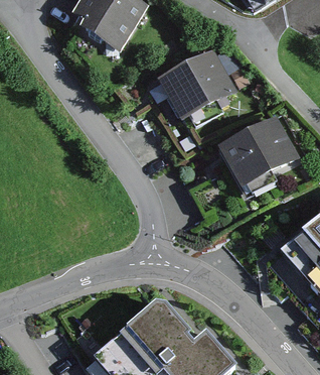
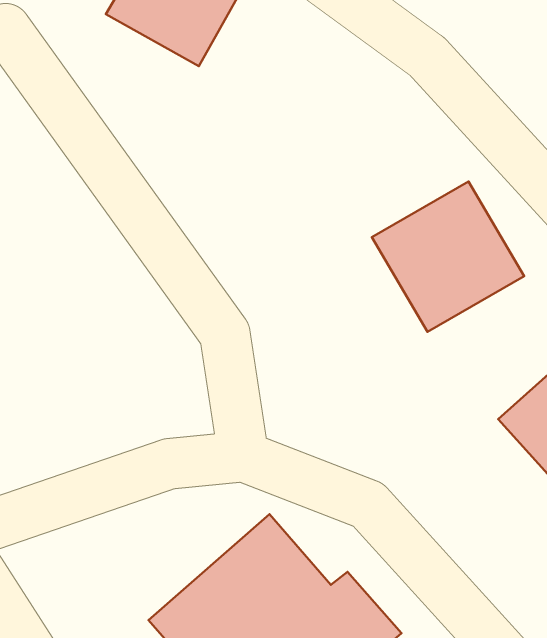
building: [161,56,234,127] -> none

